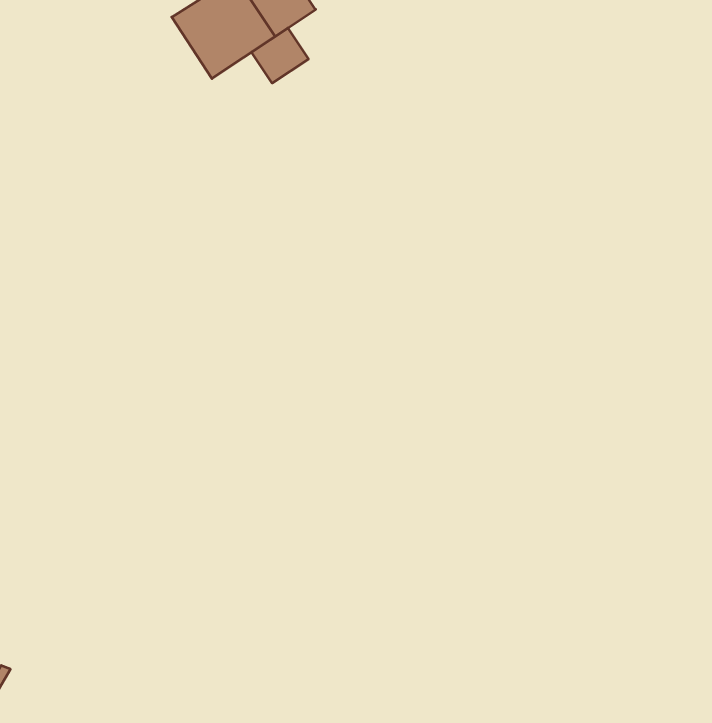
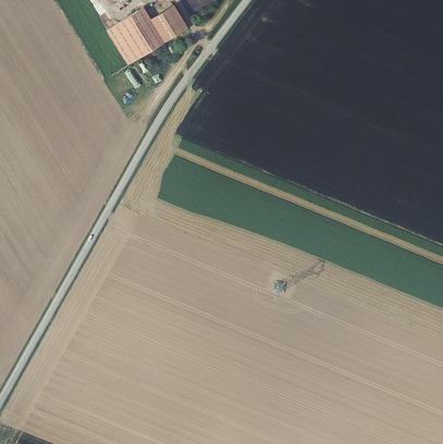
building: [252,28,308,83] -> none

